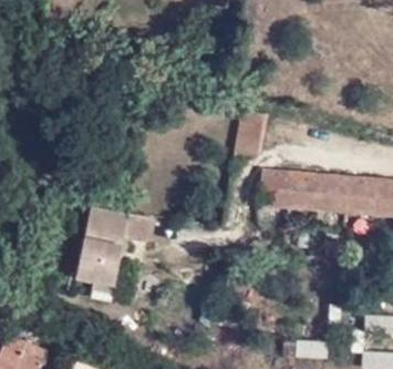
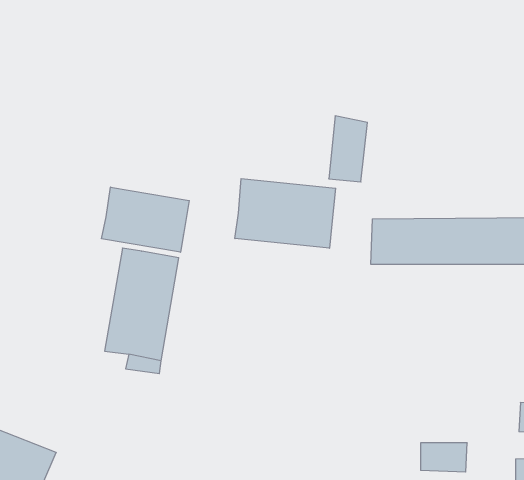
building: none -> [235,179,336,248]
building: none -> [102,187,189,252]

